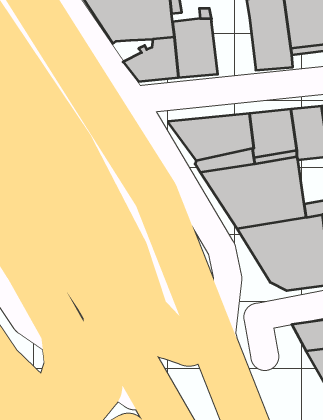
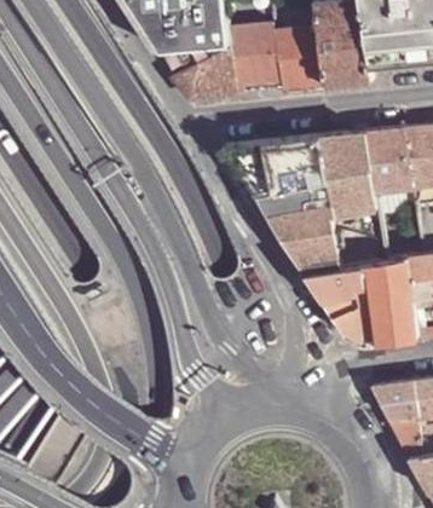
building: none -> [277,25,329,92]

